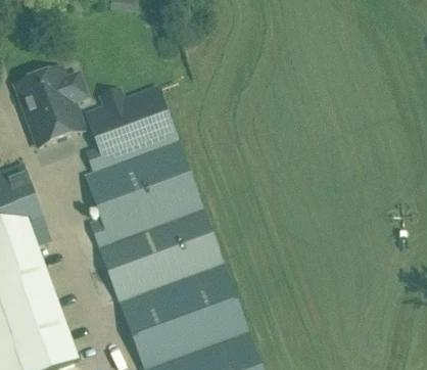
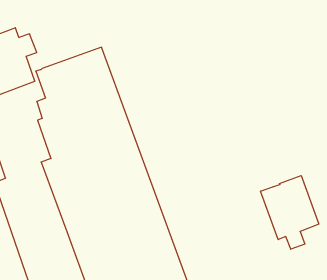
building: none -> [261,176,319,249]

